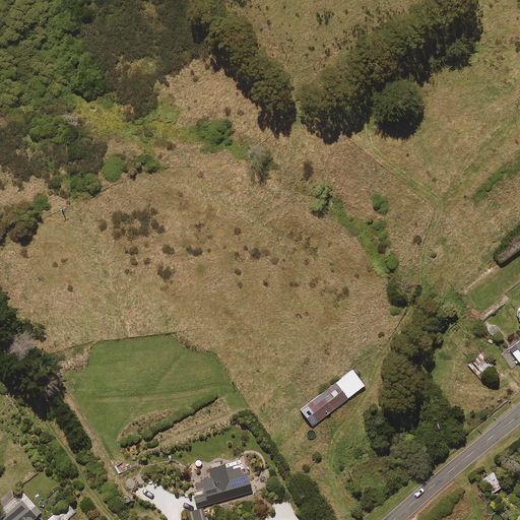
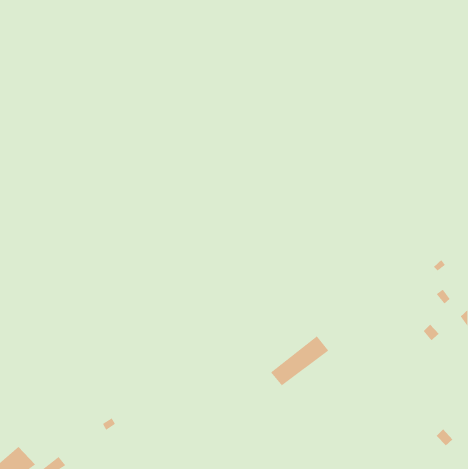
building: [191,465,249,504] -> none

